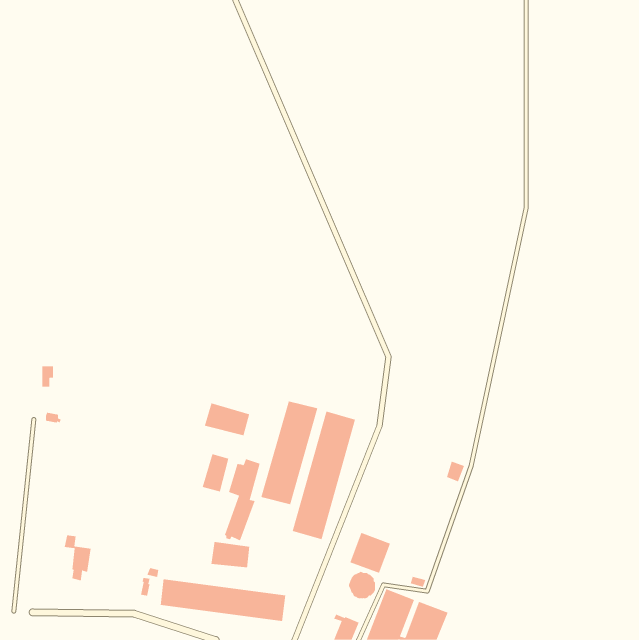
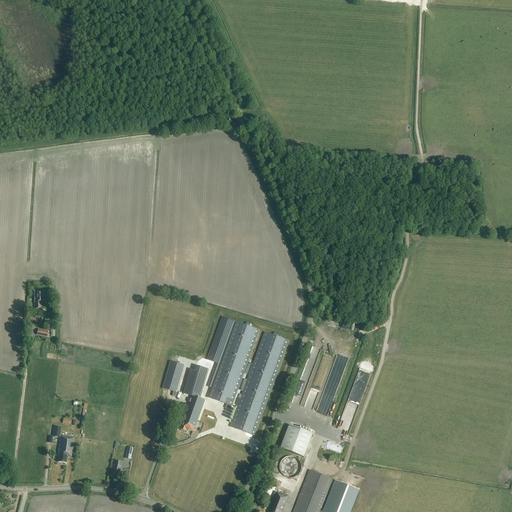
building: [204,403,250,436] -> none
building: [211,541,250,568] -> none
building: [160,578,286,622] -> none

